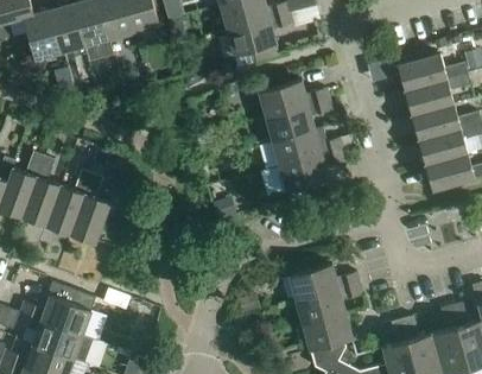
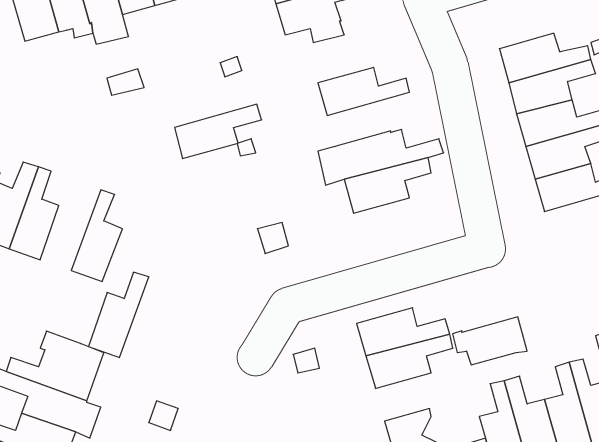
building: [266,100,332,141] -> [175,104,262,159]
building: [46,171,93,236] -> [88,272,149,358]
building: [296,315,353,351] -> [453,317,527,365]

